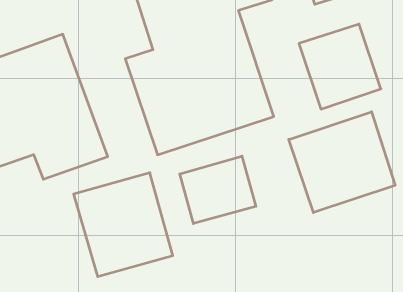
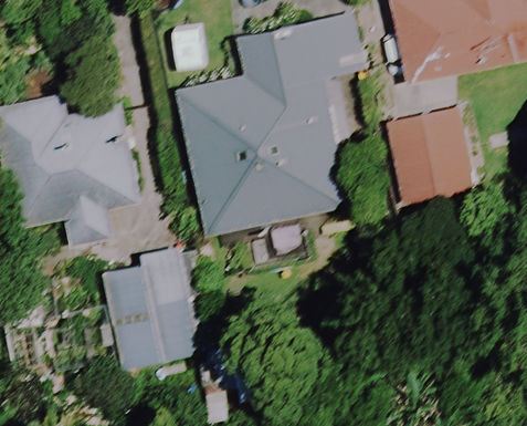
building: [289,112,395,213] -> none
building: [180,156,256,224] -> none

